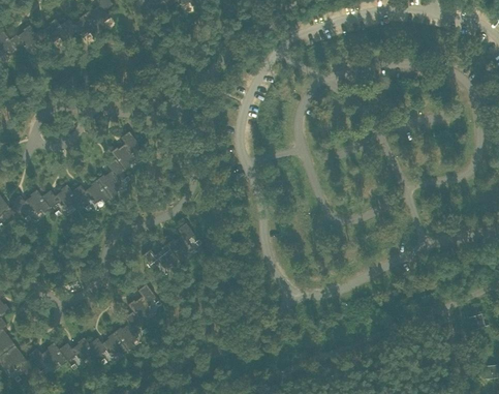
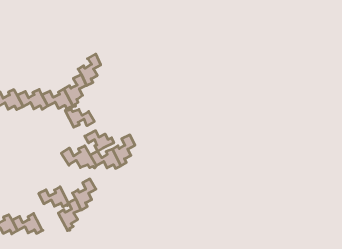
building: none -> [65,109,94,127]
building: none -> [85,131,114,151]
building: none -> [61,146,97,168]
building: [88,332,127,357] -> [39,187,69,207]

